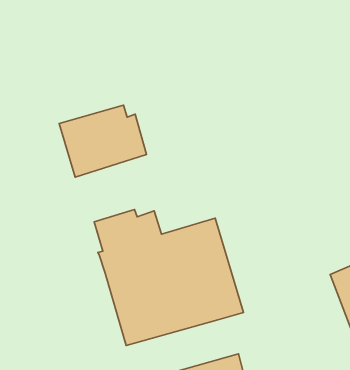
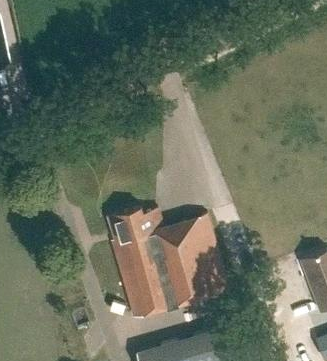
building: [59,105,146,177] -> none

